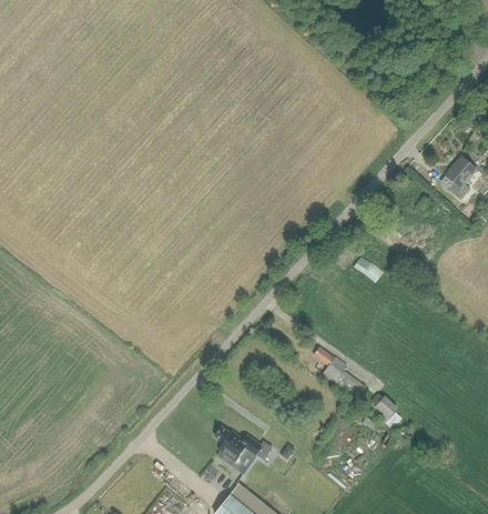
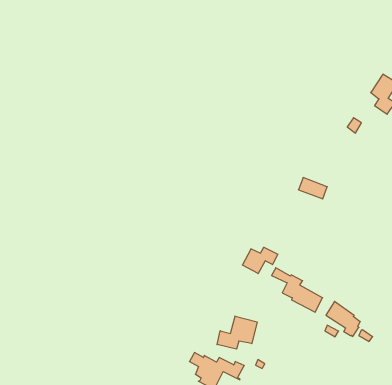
building: none -> [242,247,278,274]
building: none -> [217,316,257,349]

